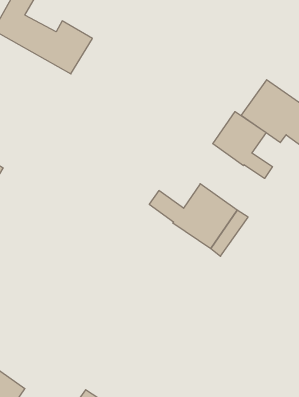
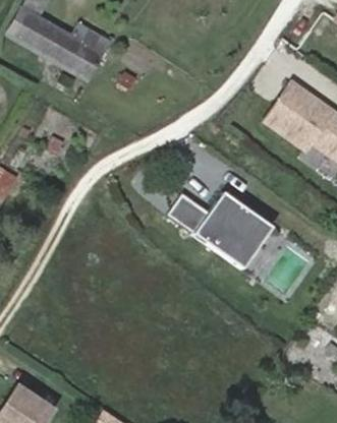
building: [213,112,272,178] -> none

